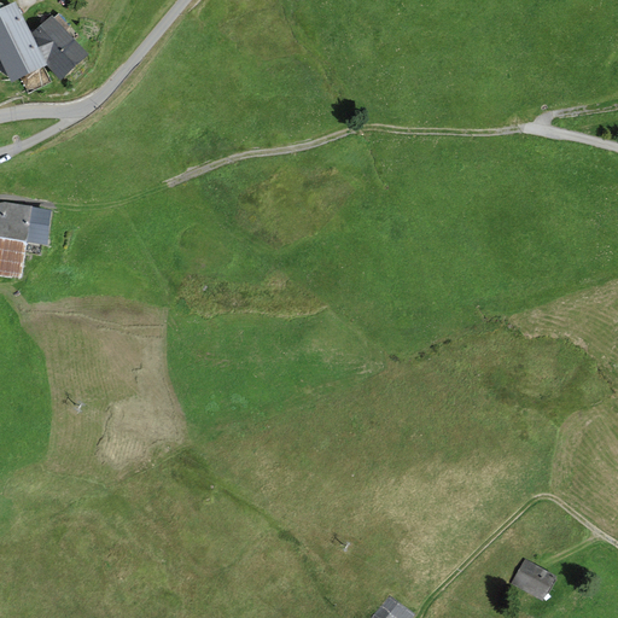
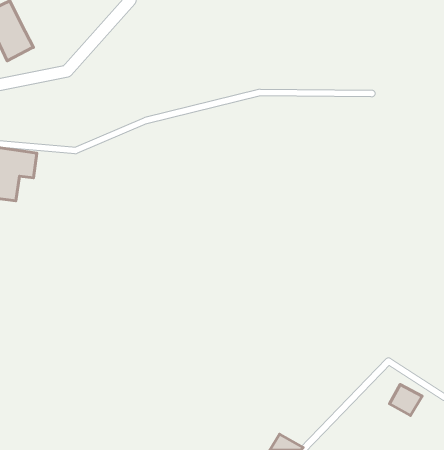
building: [29,16,86,81] -> none
building: [509,559,554,601] -> [390,385,422,415]

